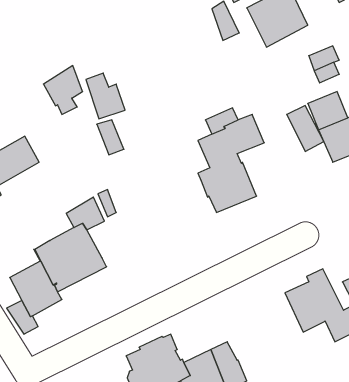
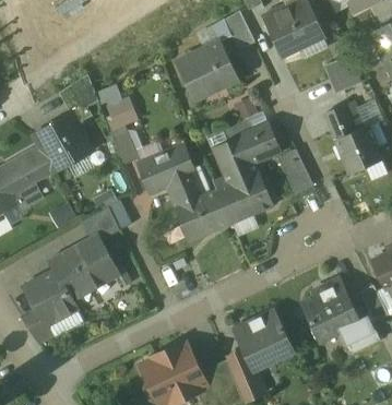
building: none -> [178,41,238,97]
building: none -> [37,114,93,171]
building: [287,106,324,151] -> [277,148,314,194]
building: none -> [139,145,233,240]
building: none -> [233,310,295,370]

